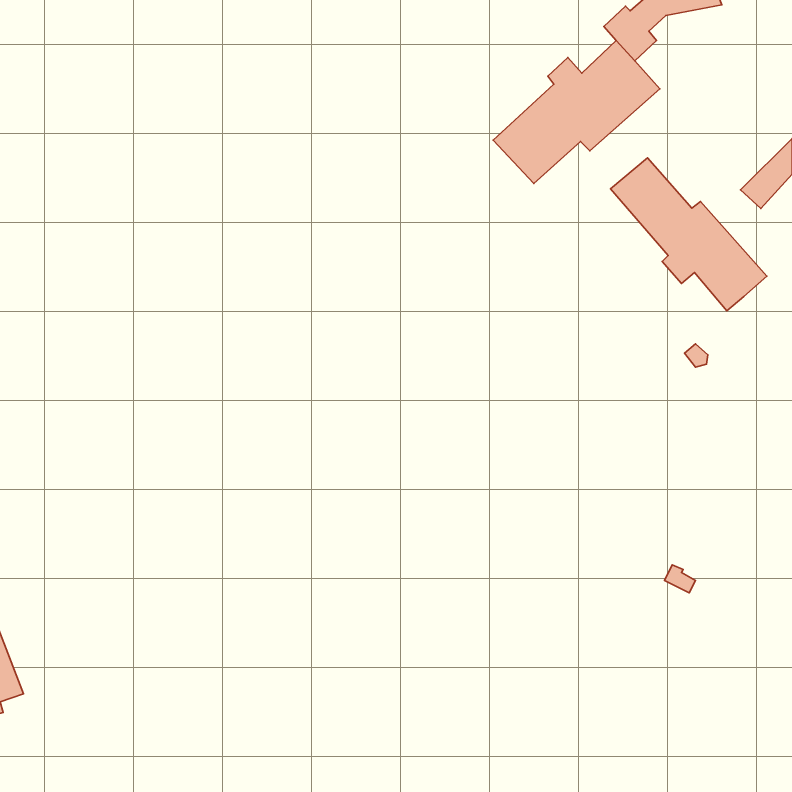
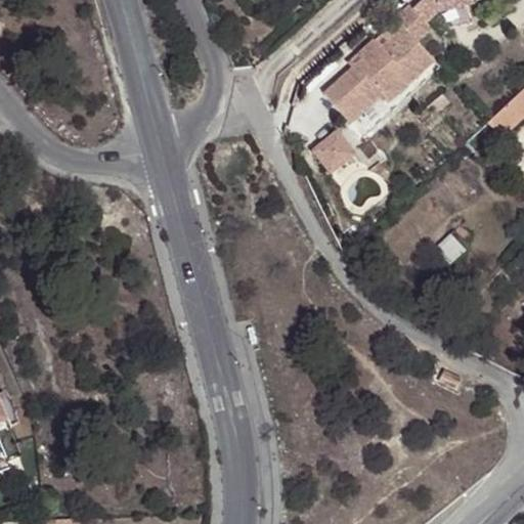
building: [610,158,767,311] -> none
building: none -> [308,124,355,171]

